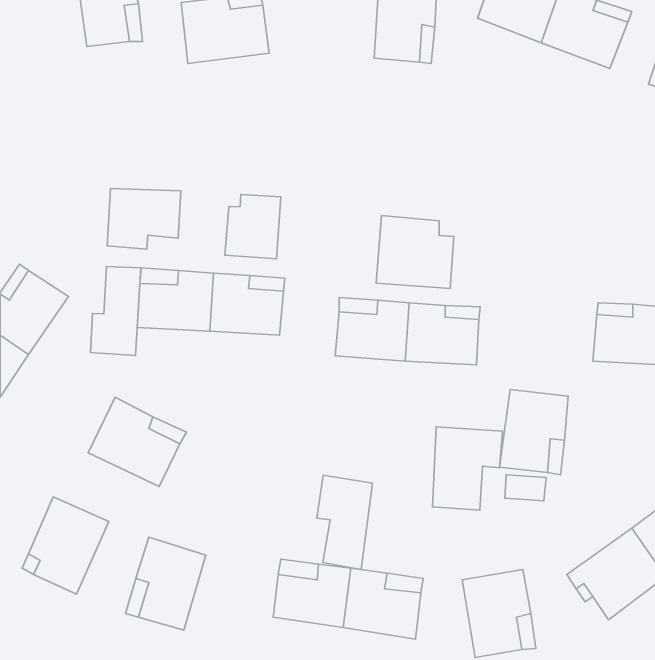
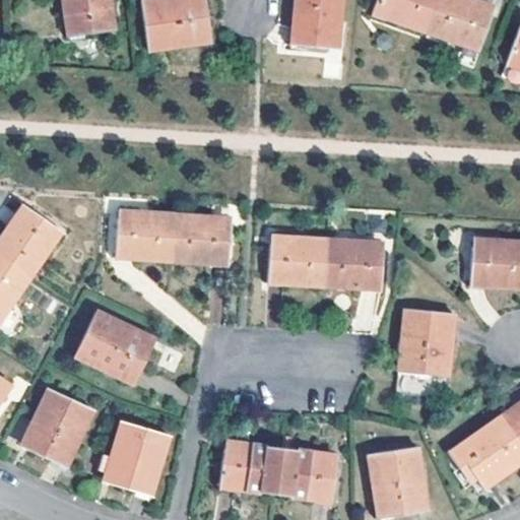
building: [107,189,181,249] -> none
building: [225,194,281,259] -> none
building: [376,216,454,289] -> none
building: [91,266,141,356] -> none
building: [432,427,502,510] -> none
building: [317,475,373,570] -> none

